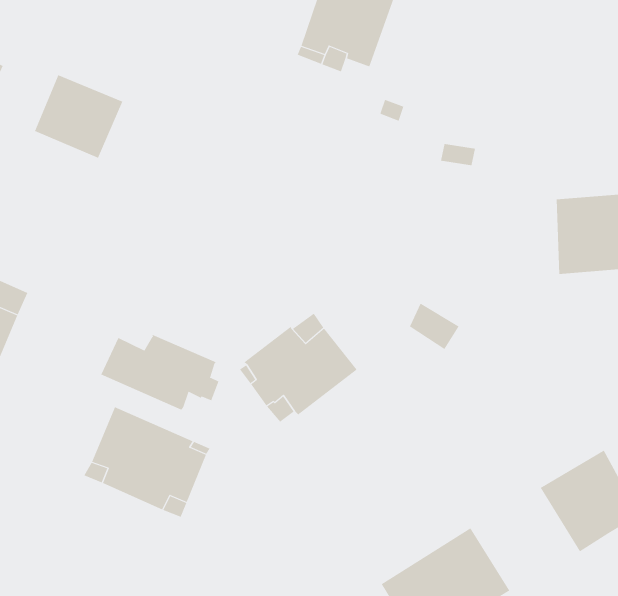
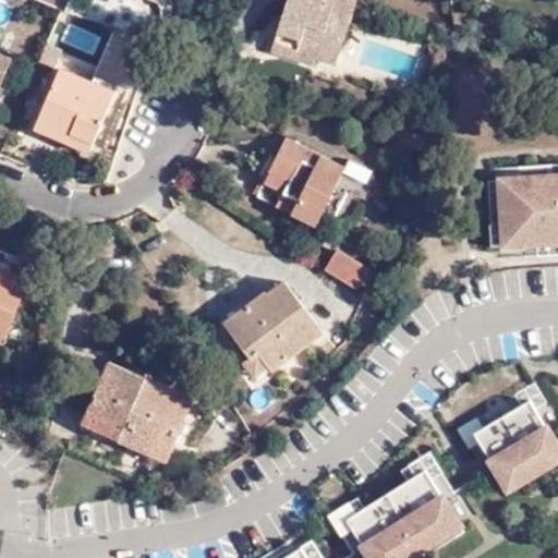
building: none -> [258,138,343,223]
building: [409,303,460,350] -> [324,247,368,289]
building: [101,334,219,410] -> none

